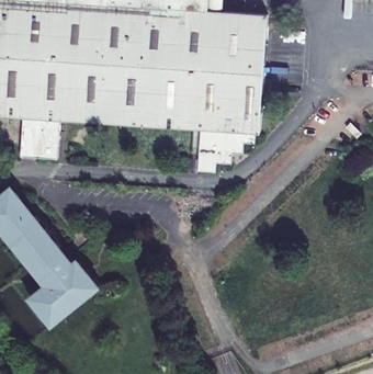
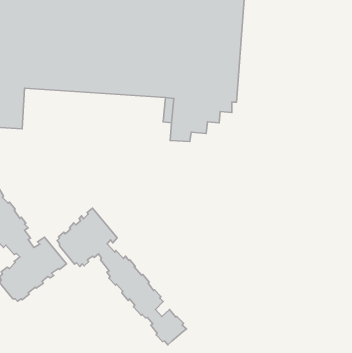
building: none -> [57,208,187,345]

